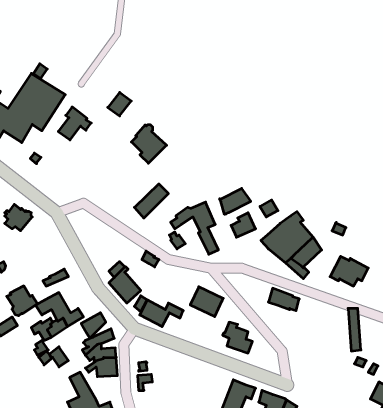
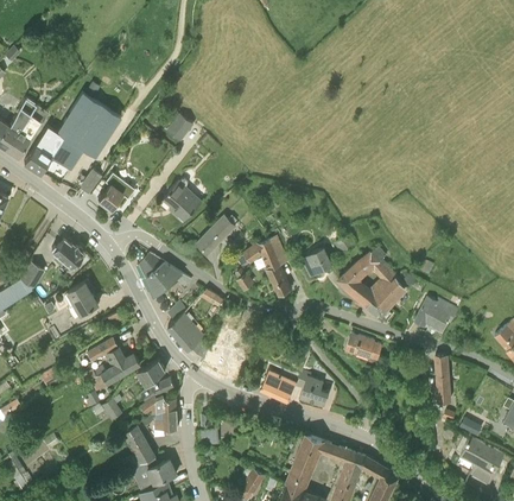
building: [58,107,91,140] -> [97,172,134,209]
building: [131,125,167,163] -> [164,179,203,222]
building: [220,188,251,214] -> none
building: none -> [140,253,191,296]
building: [7,286,38,316] -> [64,284,99,317]
building: [190,287,223,317] -> [260,369,297,402]

